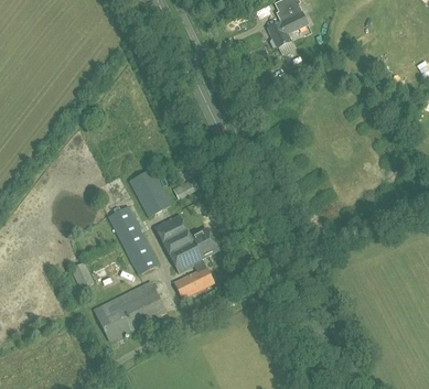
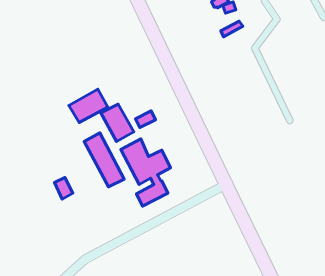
building: none -> [69,89,108,123]
building: [94,280,167,341] -> none

